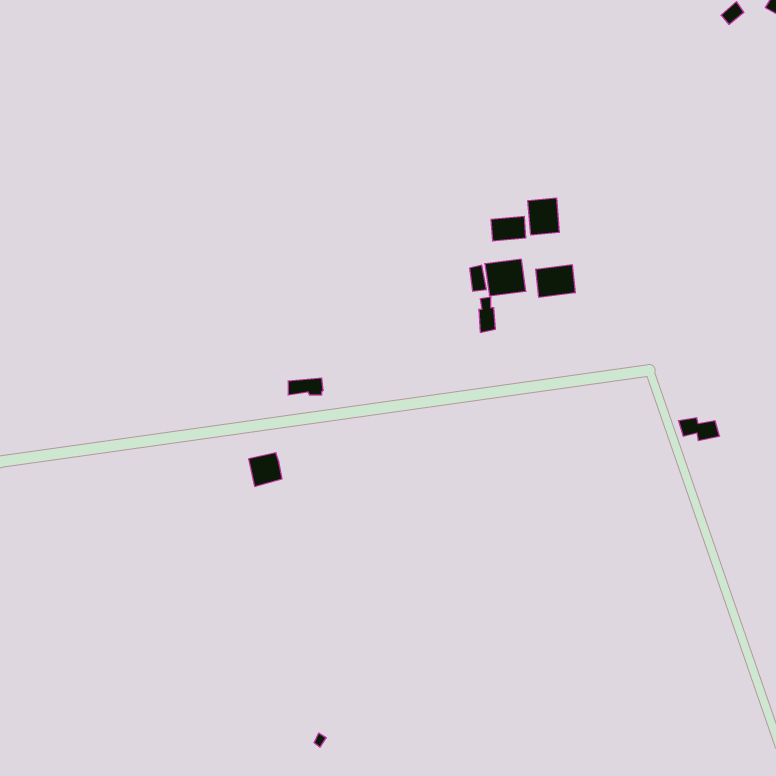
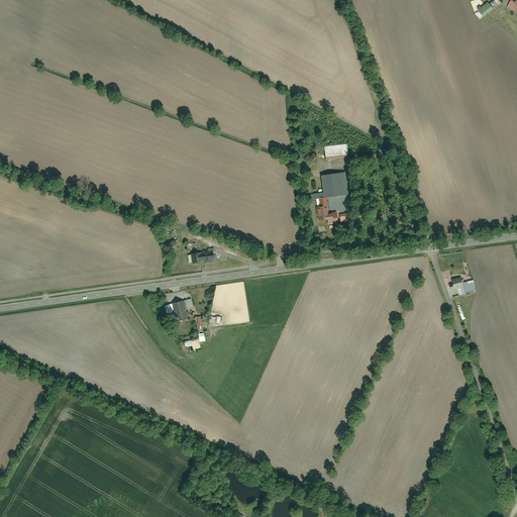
building: [528,198,559,235] -> none
building: [536,265,575,297] -> none

